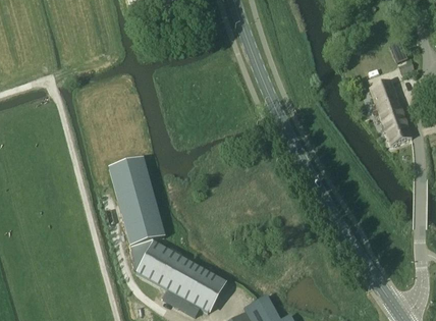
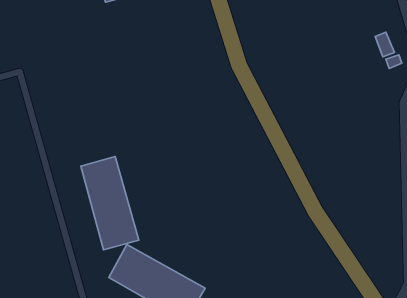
building: [369,78,412,144] -> none

